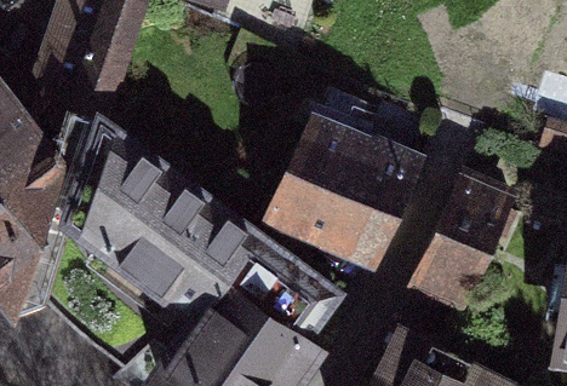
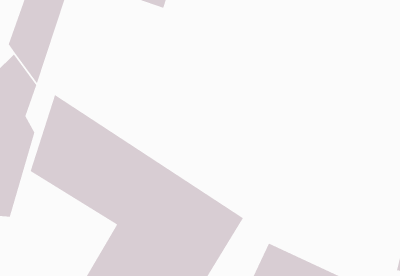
building: [263,122,423,272] -> none
building: [413,179,525,317] -> none

